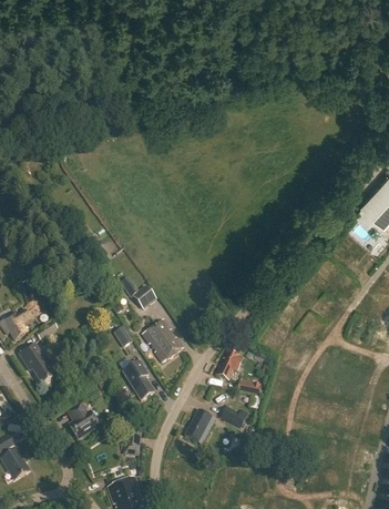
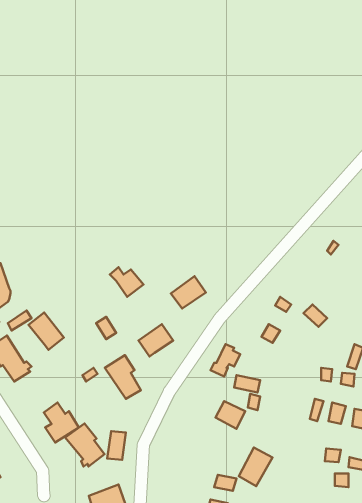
building: [142,319,173,348] -> [171,276,206,309]
building: none -> [29,313,64,350]
building: [185,410,215,445] -> [239,448,272,486]
building: none -> [65,423,105,467]

